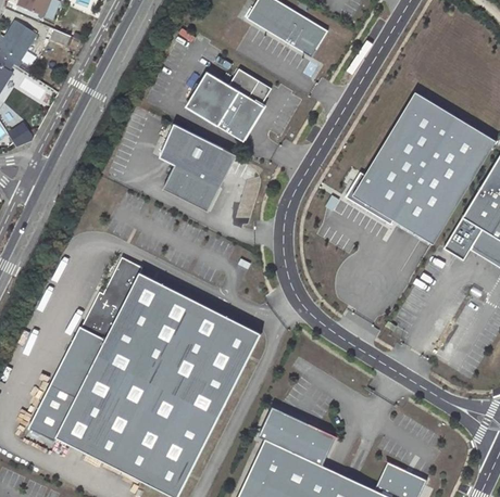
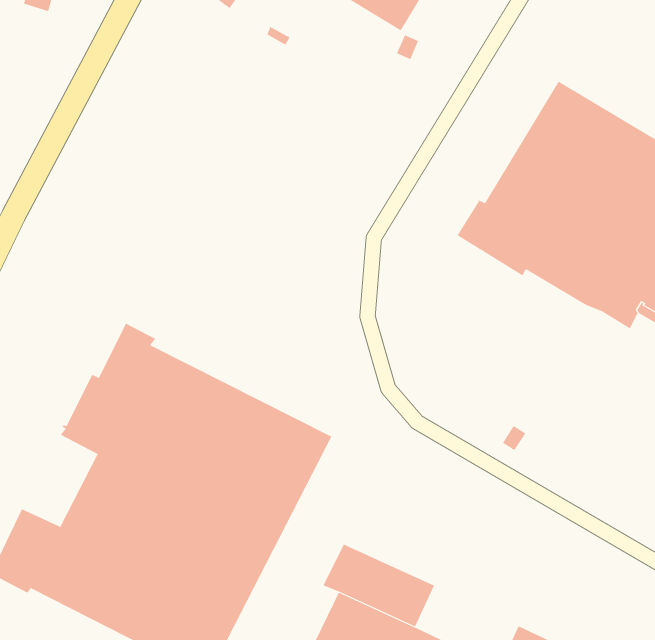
building: [183,69,270,142] -> none
building: [158,123,225,212] -> none
building: [51,327,102,394] -> none

